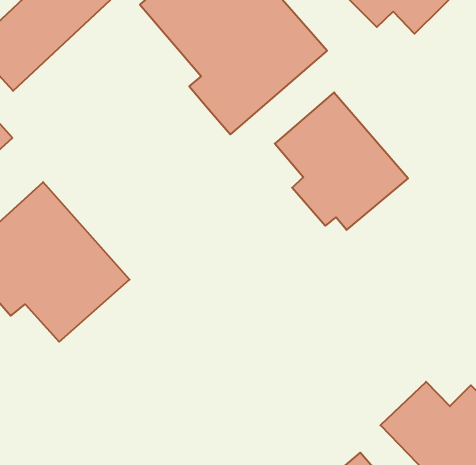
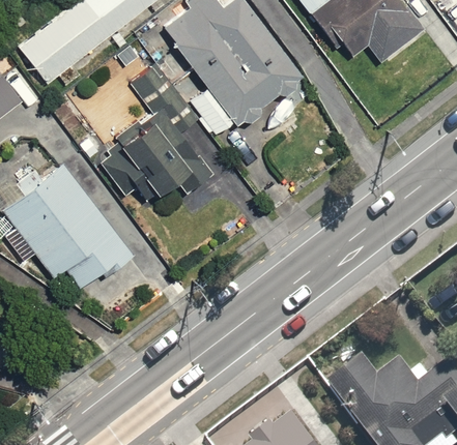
building: none -> [99,58,213,203]
building: [275,92,408,230] -> none

